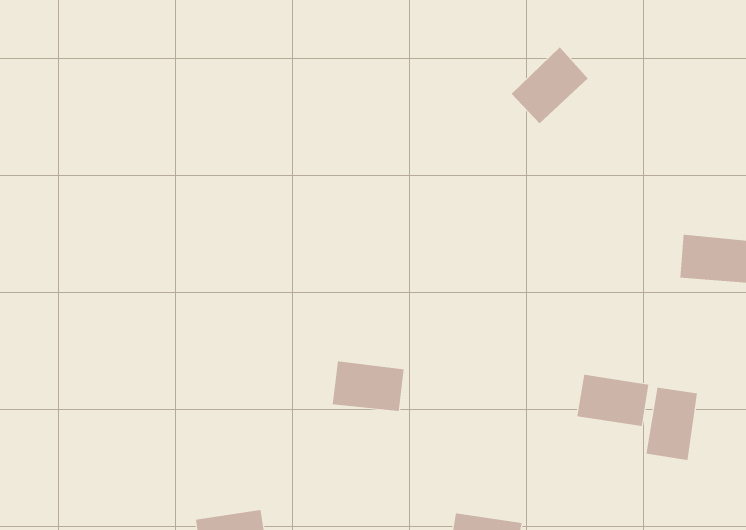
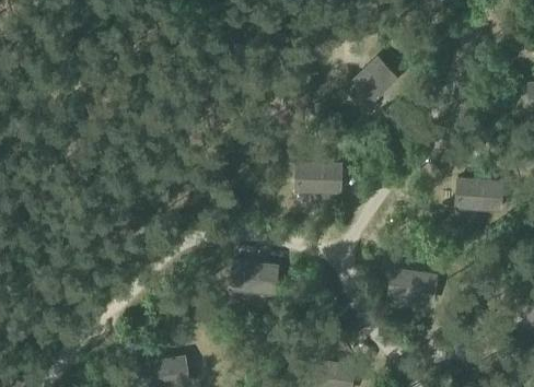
building: none -> [297,163,341,192]
building: [646,387,698,461] -> none

